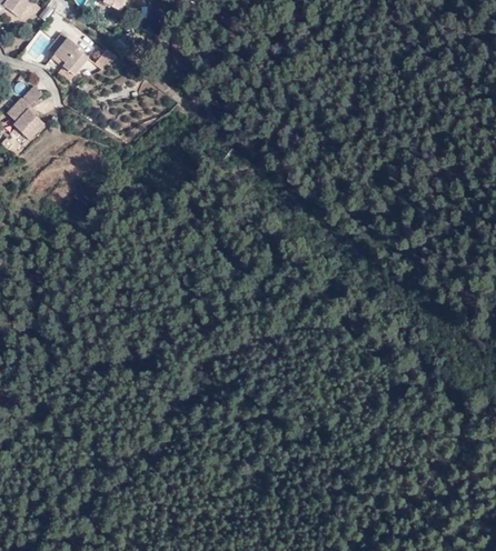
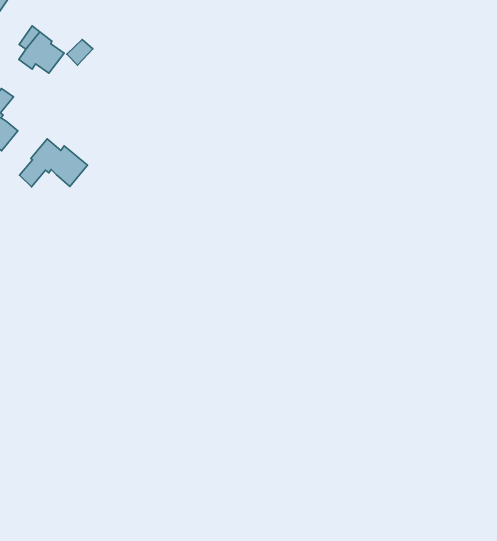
building: none -> [20,139,87,187]

